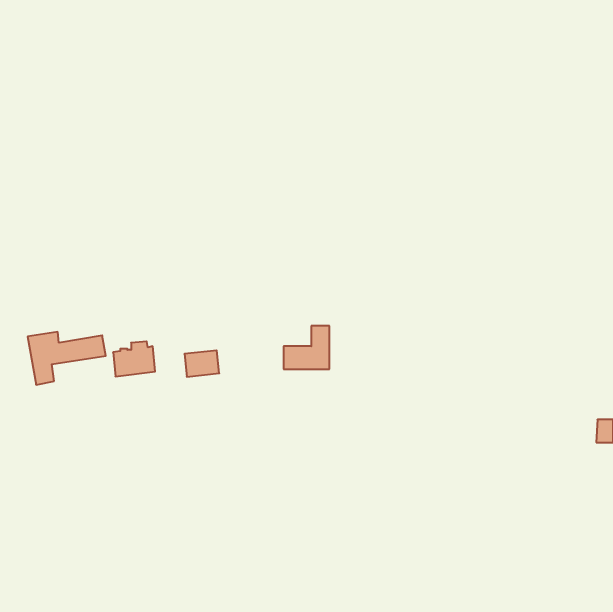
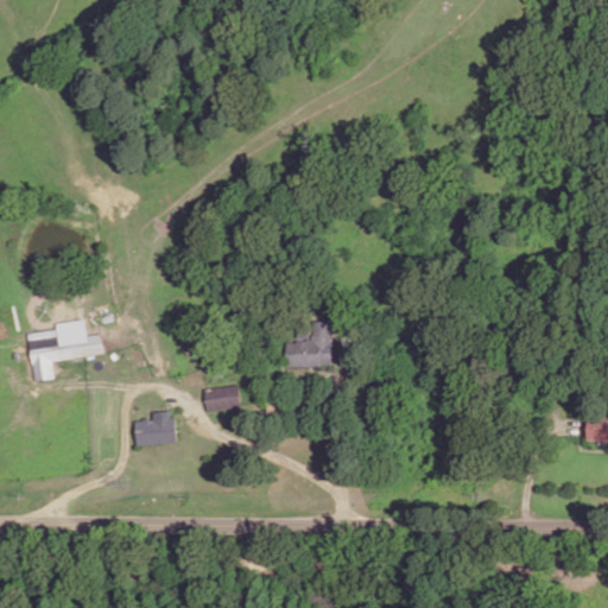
building: [113,341,155,376] -> [137,411,178,445]
building: [184,350,219,377] -> [207,385,241,411]

